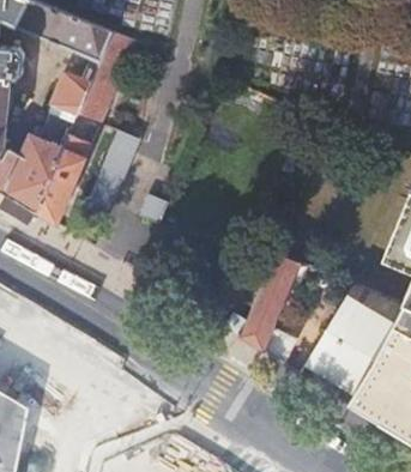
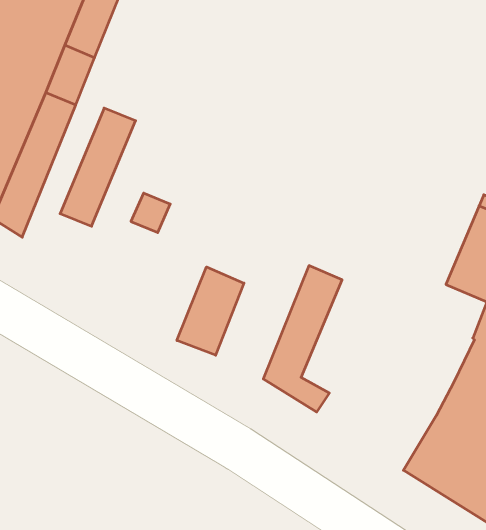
building: none -> [177,267,244,355]
building: [300,286,400,405] -> none

